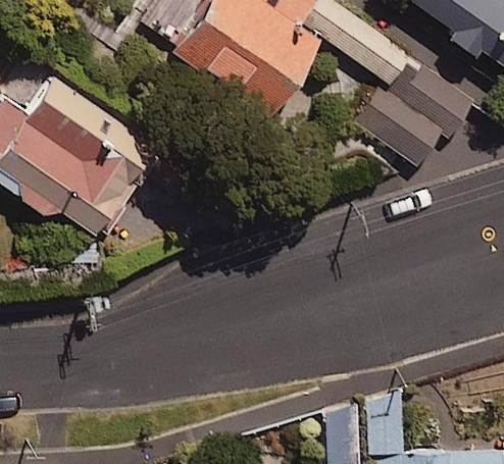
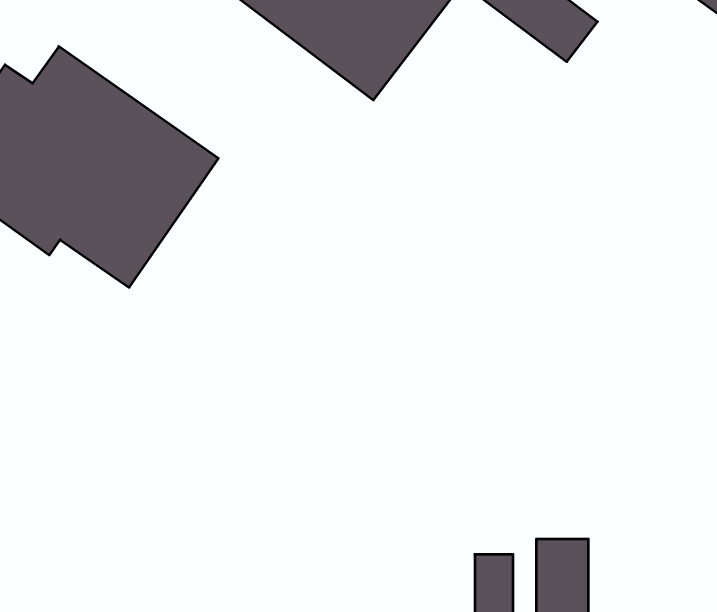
building: [360,71,475,171] -> none

